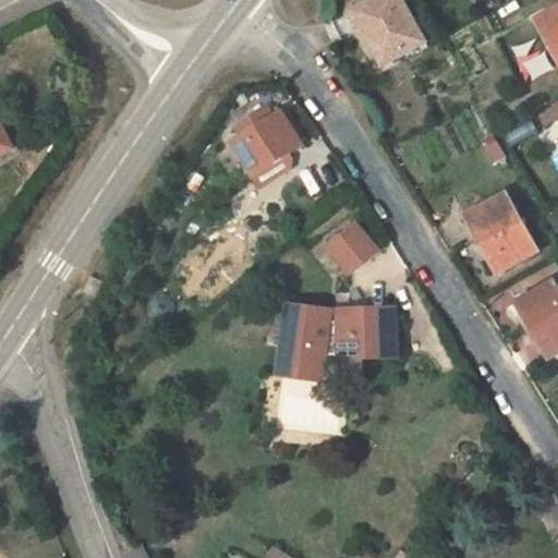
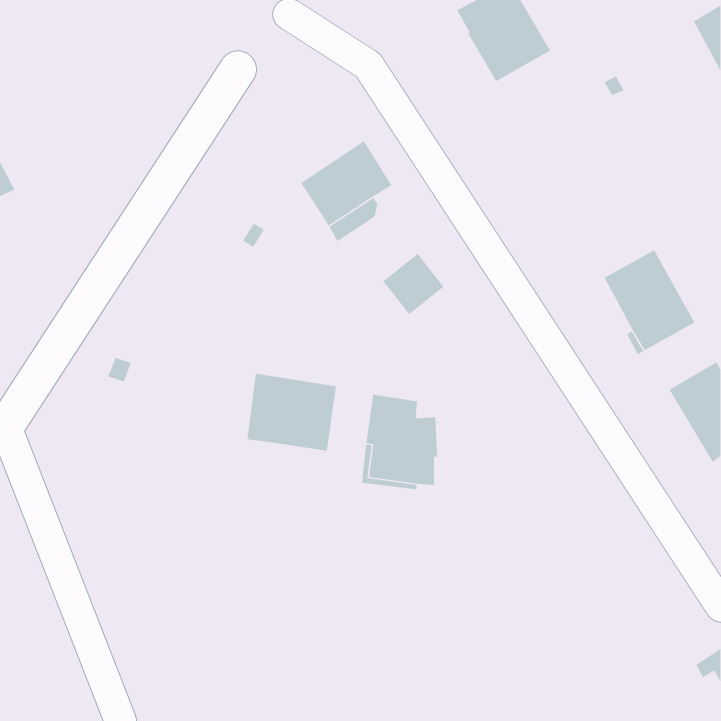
building: [327,223,375,271] -> [382,253,445,315]
building: none -> [246,373,337,452]
building: [336,306,395,356] -> none

